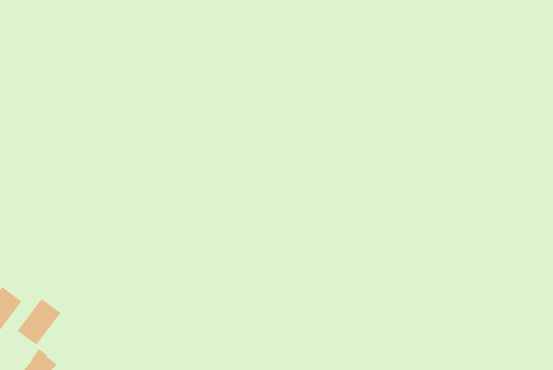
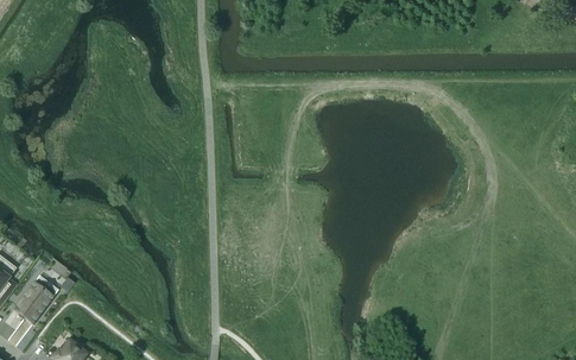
building: [17,298,61,346] -> none

